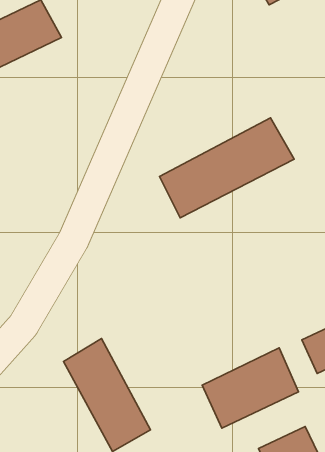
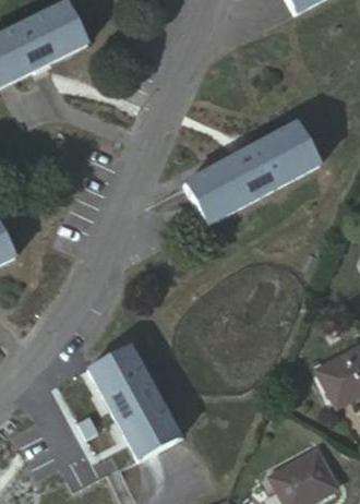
building: [202,348,298,428] -> none

